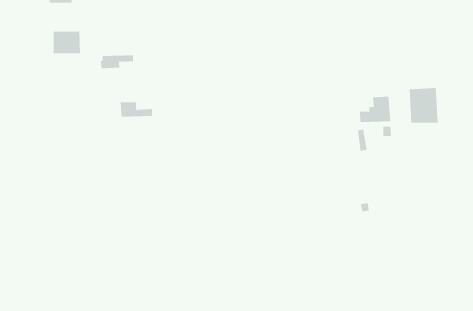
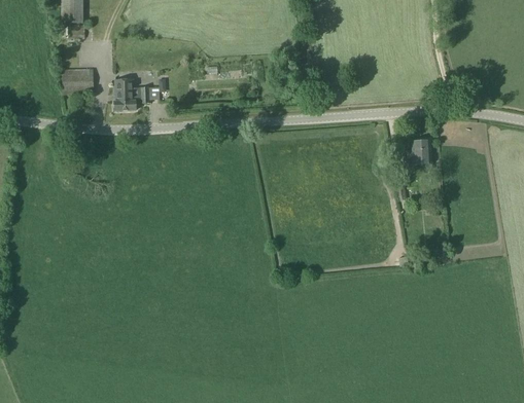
building: [409,87,438,124] -> none
building: [120,102,153,117] -> [114,79,150,96]

